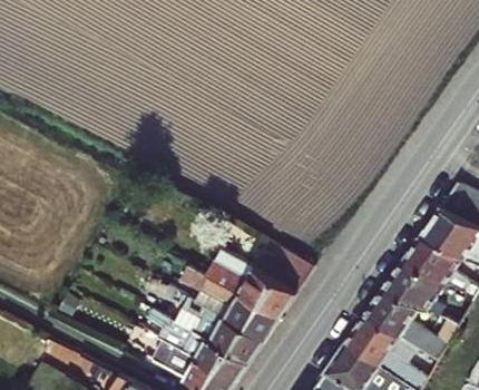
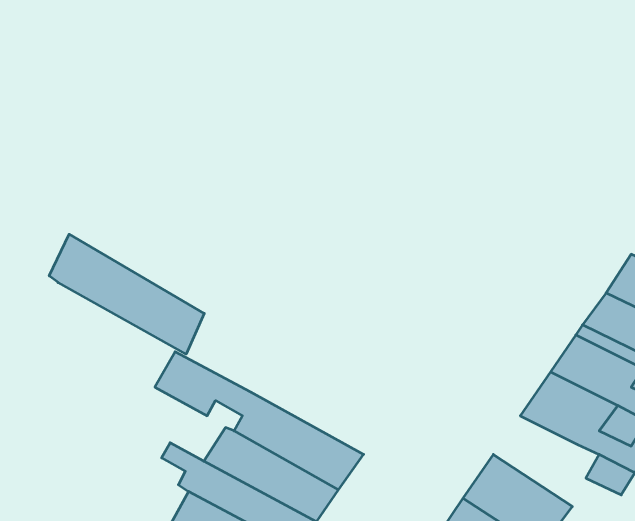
building: none -> [49,234,204,354]
building: [202,248,311,319] -> none
building: [362,293,419,353] -> none

